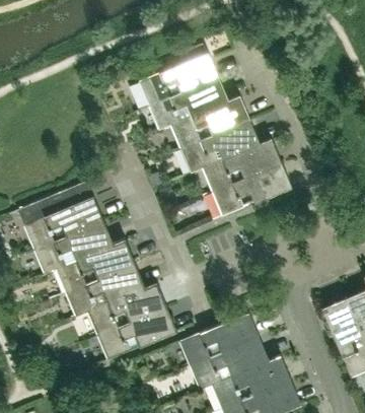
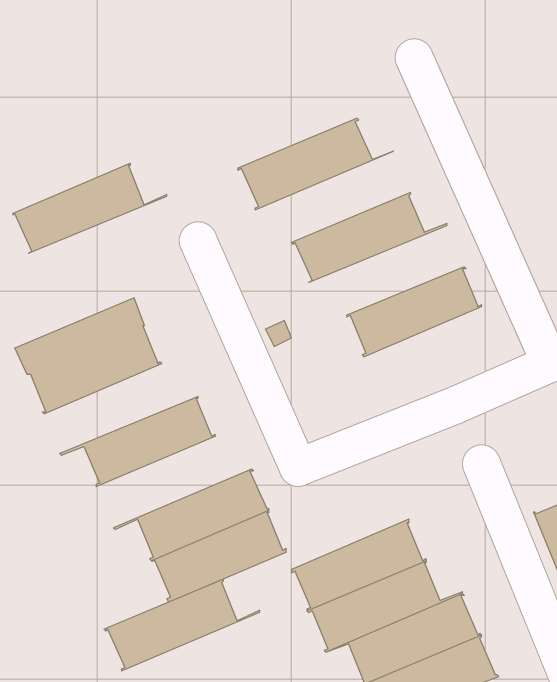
building: [138,45,218,107] -> none
building: [158,96,249,150] -> none
building: [190,140,281,193] -> none
building: [34,221,125,274] -> [13,163,167,253]
building: [65,264,156,318] -> [104,579,260,671]

